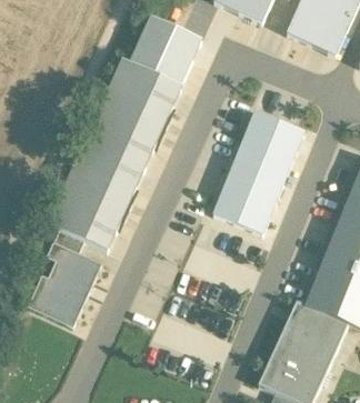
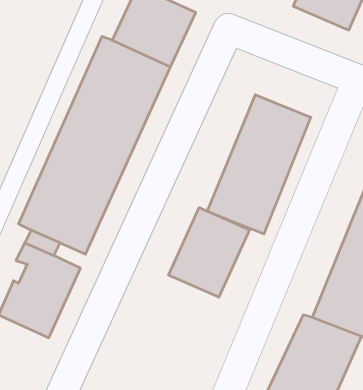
building: none -> [169,208,249,297]

